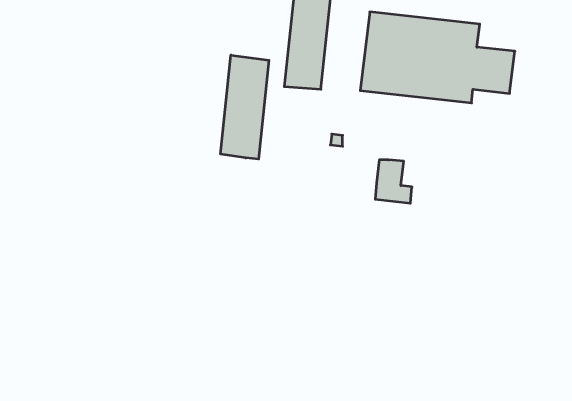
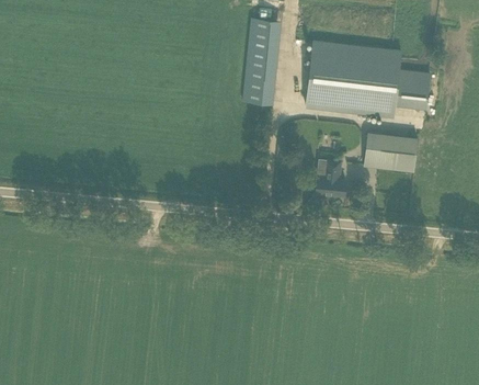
building: [221,55,269,159] -> none
building: none -> [364,133,419,172]

